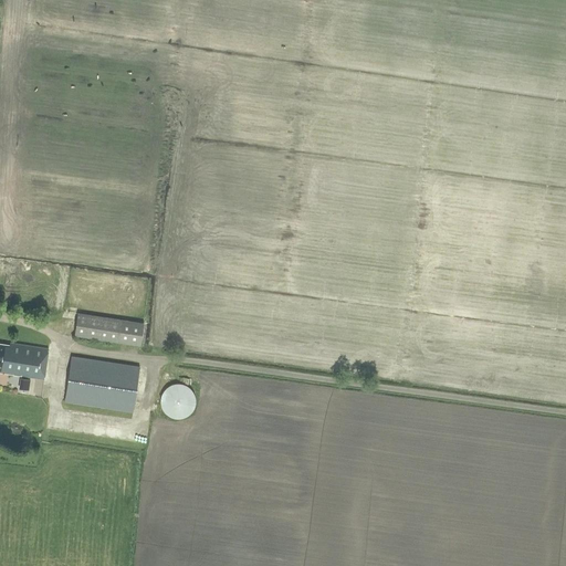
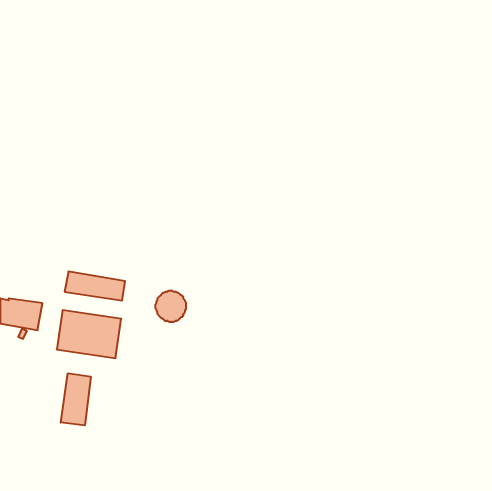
building: [160,382,196,418] -> [155,291,186,322]
building: none -> [61,373,91,425]

